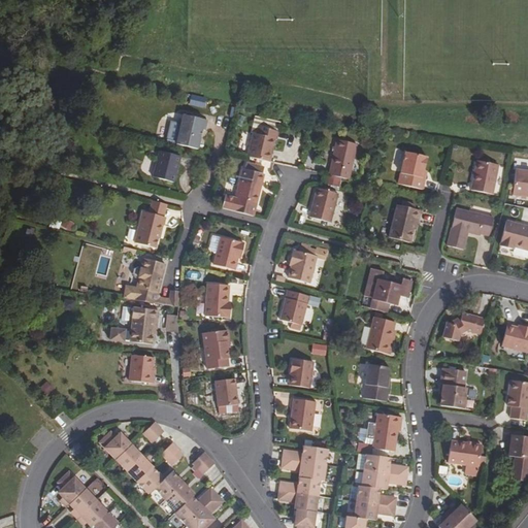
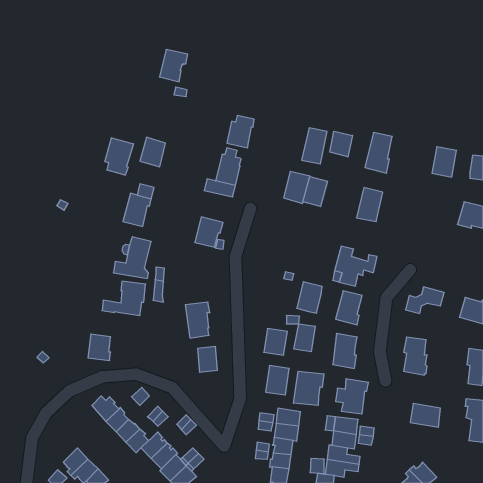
building: [176,113,207,148] -> [159,50,188,82]
building: none -> [330,131,352,157]
building: none -> [105,138,134,175]
building: none -> [303,177,327,207]
building: [448,208,494,249] -> none
building: [289,250,317,283] -> none
building: [205,283,230,317] -> none
building: [280,290,308,324] -> [297,282,322,313]
building: none -> [294,324,315,352]
building: [129,354,154,383] -> [88,334,111,361]
building: none -> [294,371,324,405]
building: [58,471,85,506] -> none

